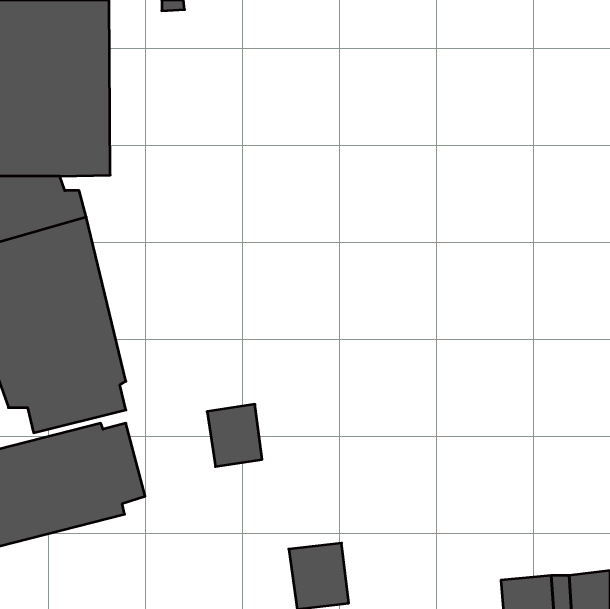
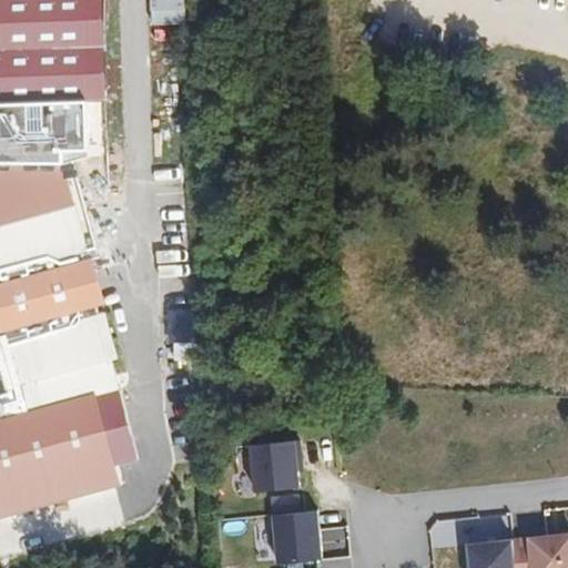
building: [207,404,262,467] -> [245,438,296,496]

